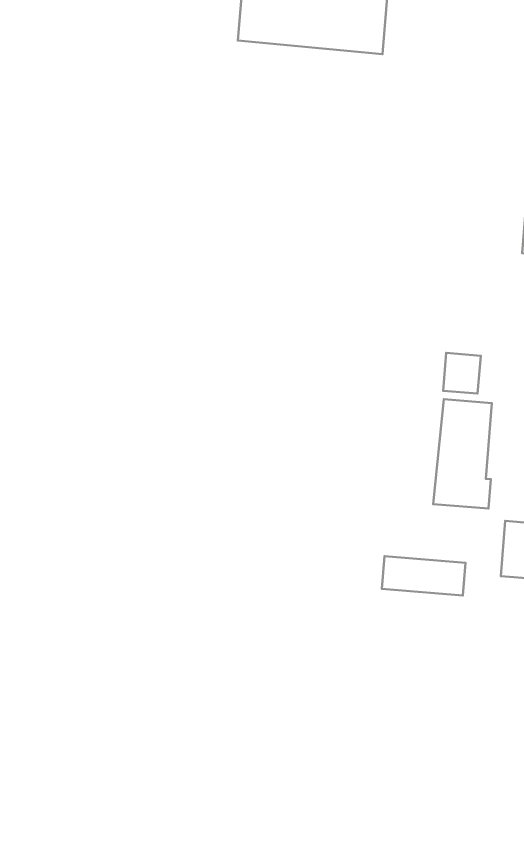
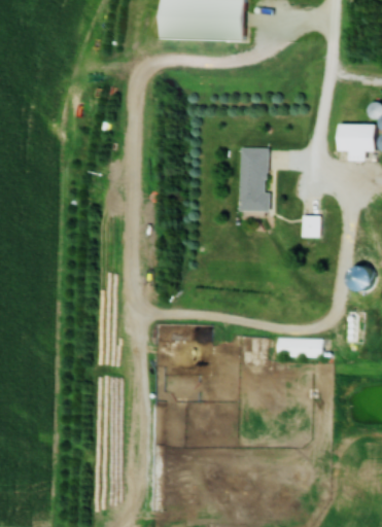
building: [433,399,492,509] -> [236,147,269,210]

